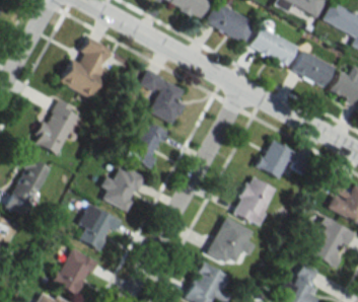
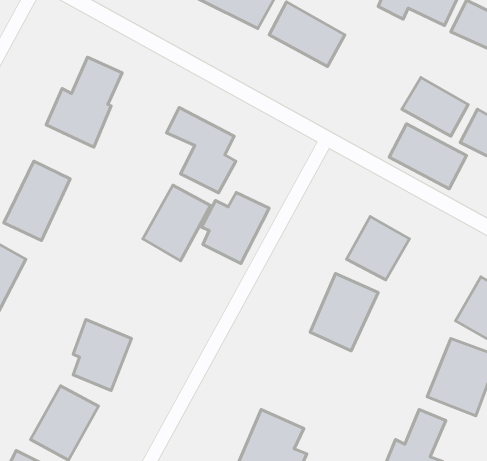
building: [248,25,298,67] -> [389,124,467,189]
building: [101,166,145,212] -> [201,192,269,264]
building: [206,218,255,268] -> none

